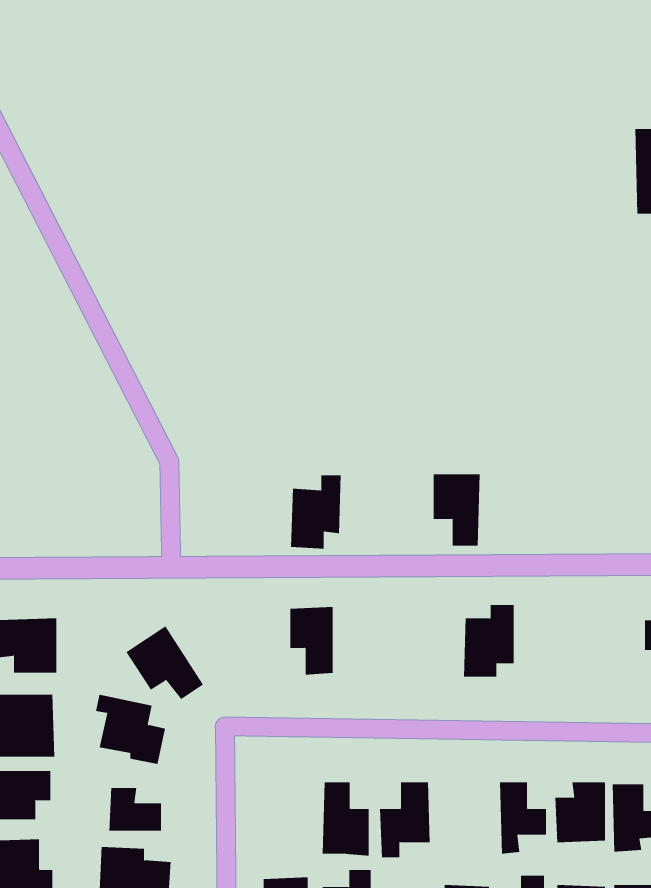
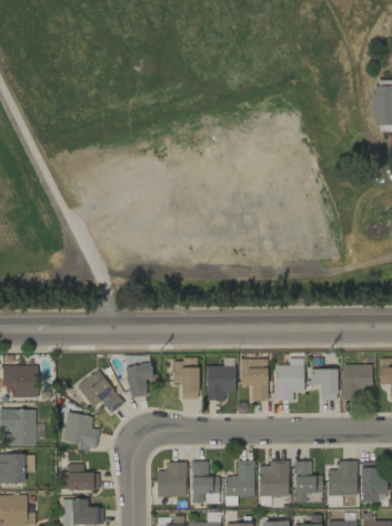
building: [433,474,481,546] -> [241,358,269,401]
building: [290,475,342,549] -> [207,357,237,401]
building: none -> [127,363,153,397]
building: none -> [343,364,373,394]
building: none -> [308,368,339,399]
building: none -> [260,459,290,496]
building: none -> [157,462,187,496]

